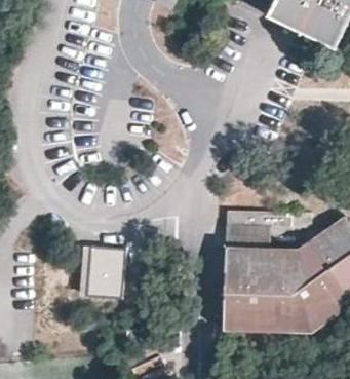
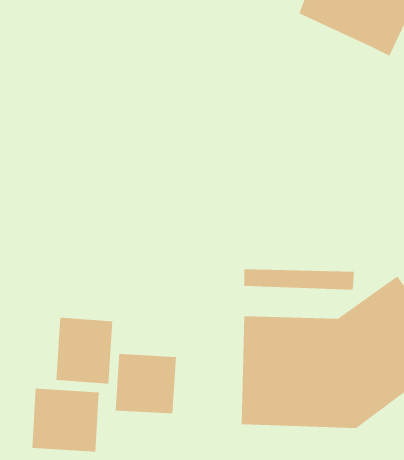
building: none -> [115,353,176,414]
building: none -> [32,388,99,453]

